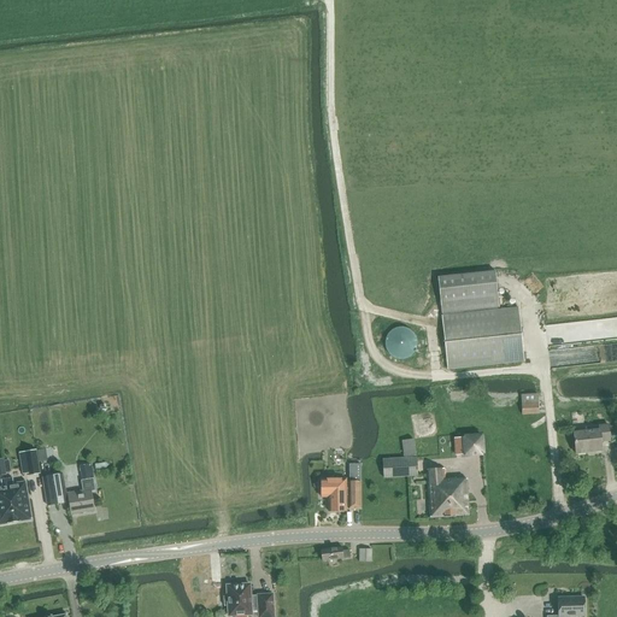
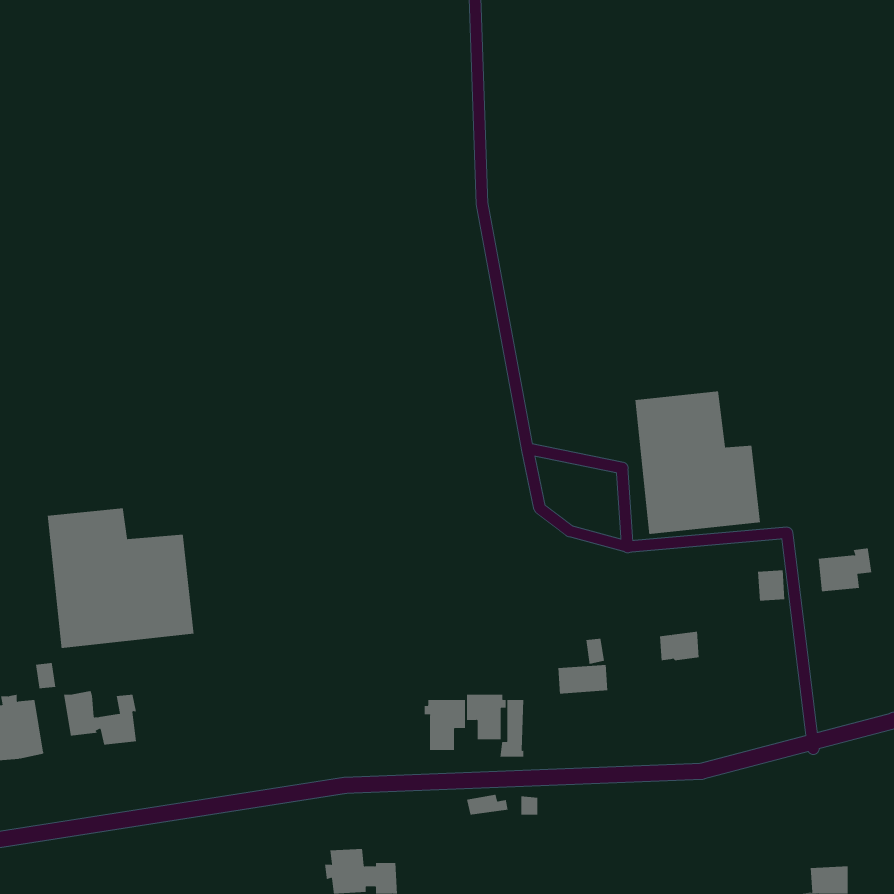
building: [389,328,417,355] -> none
building: none -> [47,508,194,649]
building: [572,422,610,452] -> [818,548,872,592]
building: [428,469,468,517] -> none
building: none -> [424,699,465,751]

